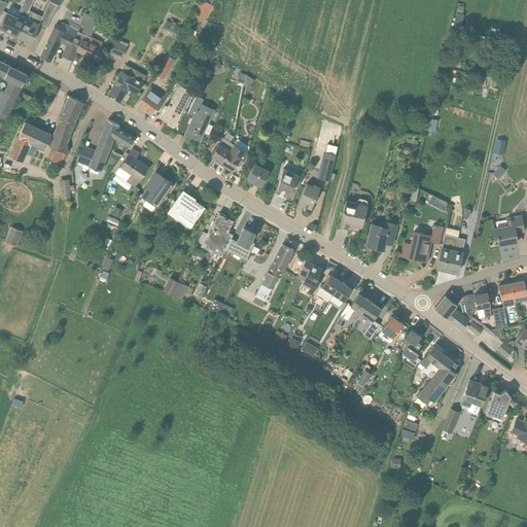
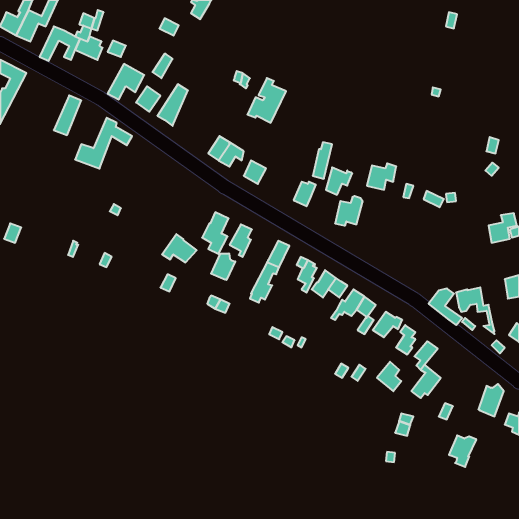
building: [176,96,215,141] -> [247,78,286,123]
building: [7,122,68,168] -> none
building: [114,148,148,185] -> none
building: [277,169,304,197] -> [326,167,352,195]
building: [142,172,173,207] -> none
building: [169,191,204,220] -> [162,234,197,262]
building: [366,222,396,249] -> [367,163,396,190]
building: [401,225,442,261] -> none
building: [436,235,464,273] -> none
building: none -> [211,253,235,280]
building: [495,283,515,328] -> none
building: [430,353,455,383] -> [377,362,401,391]
building: [460,383,488,415] -> [449,435,476,467]

